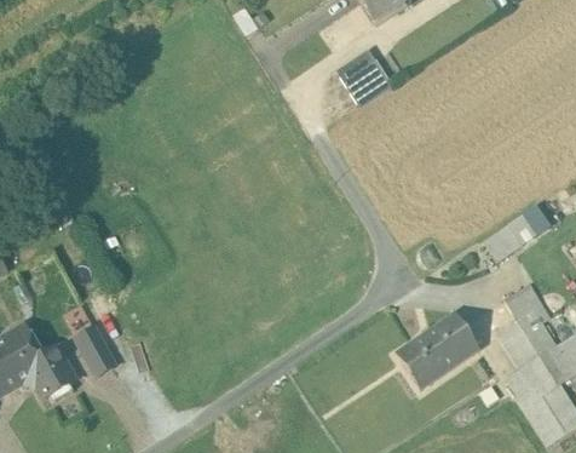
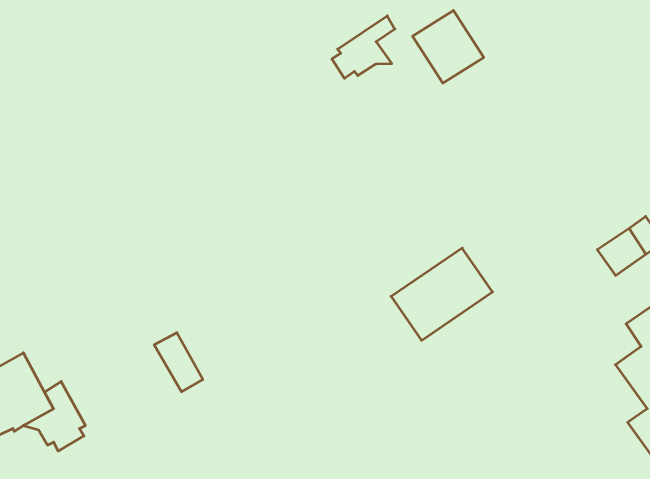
building: none -> [332,16,395,78]
building: [397,314,478,388] -> [391,248,493,340]
building: [75,328,114,375] -> [154,333,203,392]

